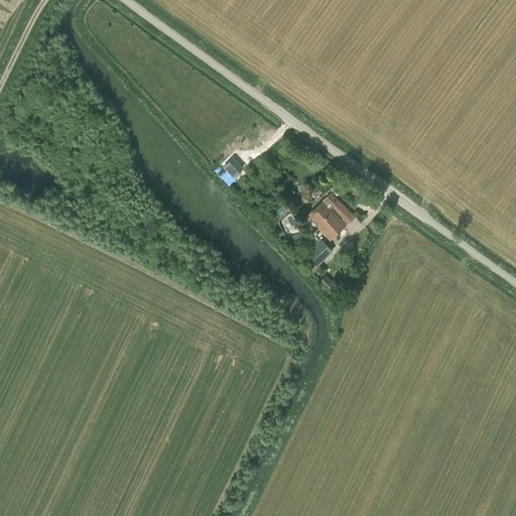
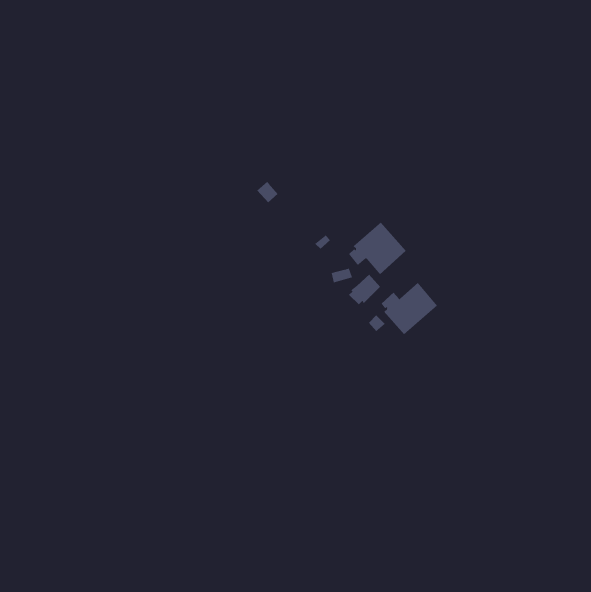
building: none -> [381,282,438,335]

